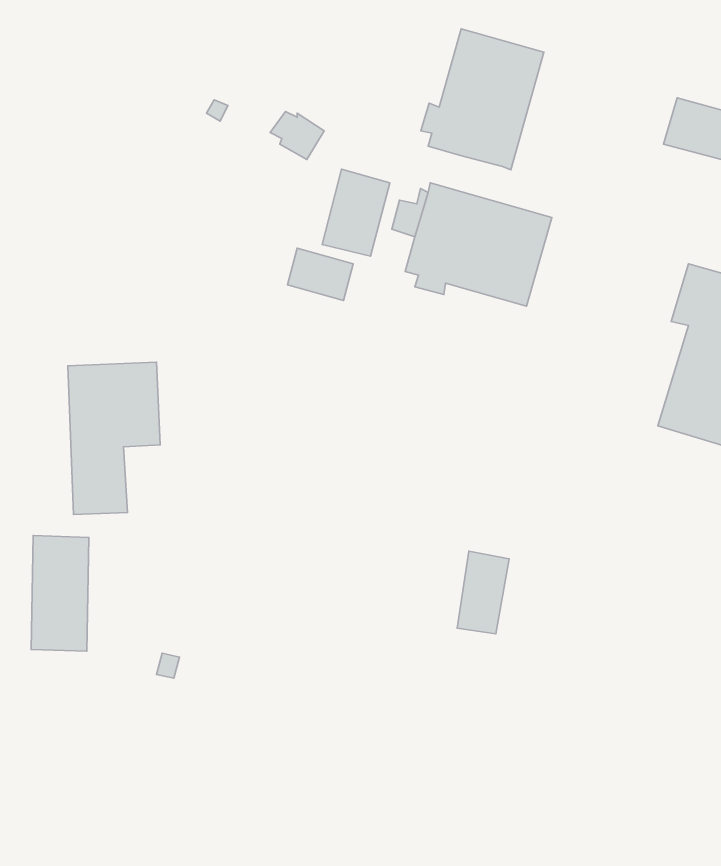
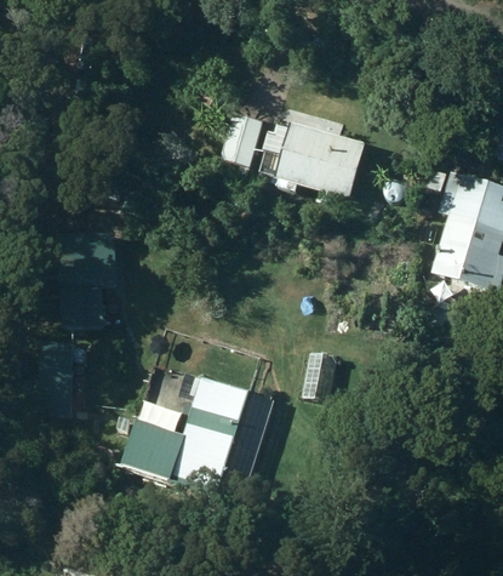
building: [421,29,544,170] -> none
building: none -> [119,367,248,495]

